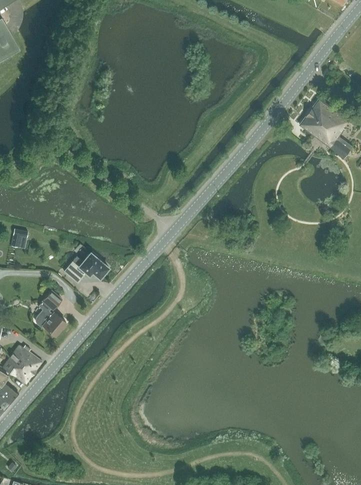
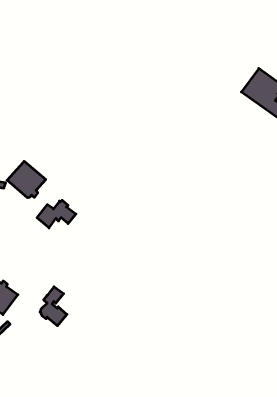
building: none -> [7,161,46,198]
building: [34,290,65,335] -> [40,287,67,326]

